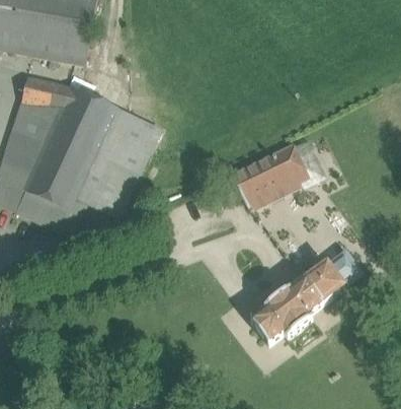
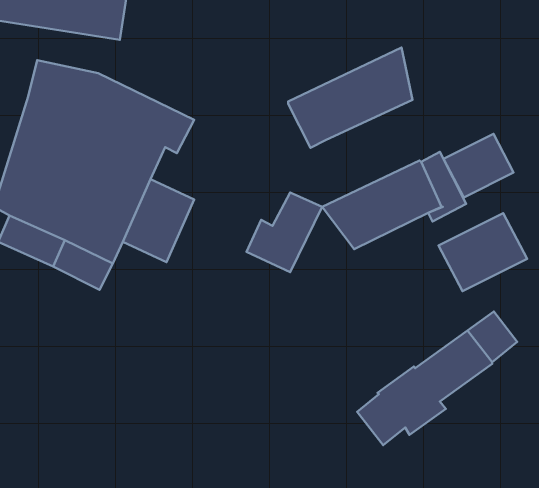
building: none -> [288,48,413,148]
building: [105,118,158,174] -> [246,192,322,272]
building: none -> [443,134,514,197]
building: none -> [439,213,527,291]

